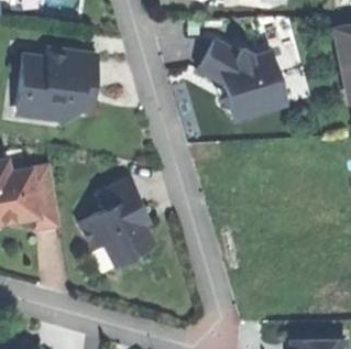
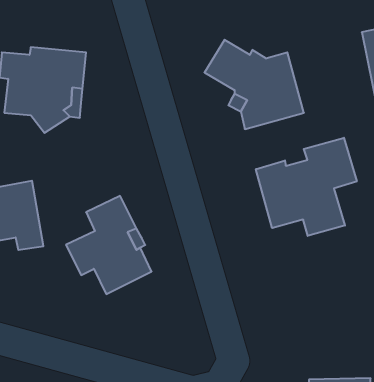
building: none -> [256,138,357,236]

